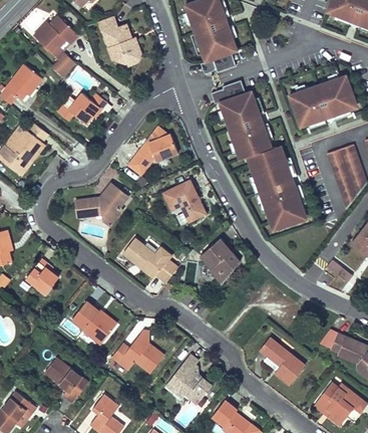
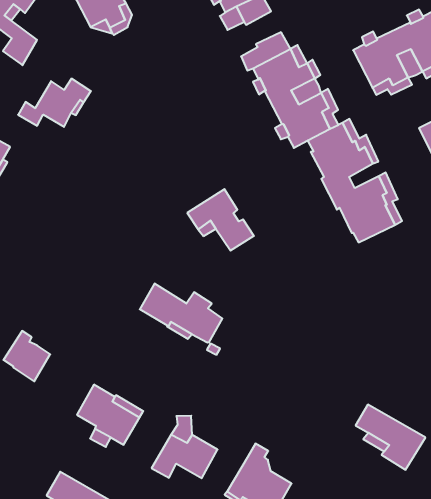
building: [127,127,177,175] -> none
building: [74,183,127,221] -> none
building: [200,238,240,279] -> none

